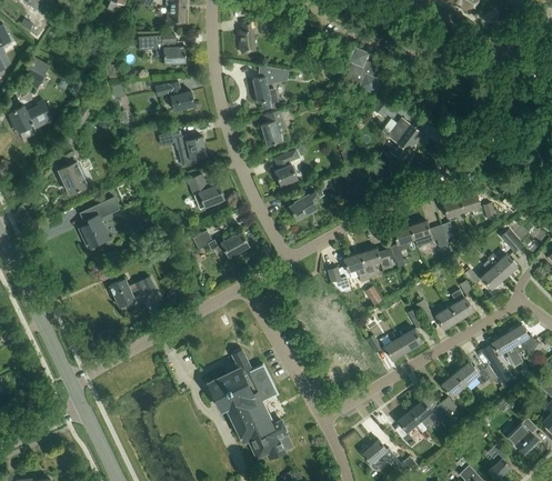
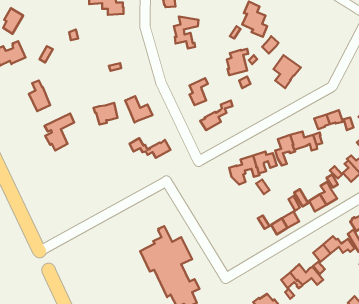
building: [154,81,194,110] -> none
building: [261,110,290,146] -> [227,49,248,75]
building: [174,136,207,164] -> [94,103,118,124]
building: [109,277,159,307] -> none

